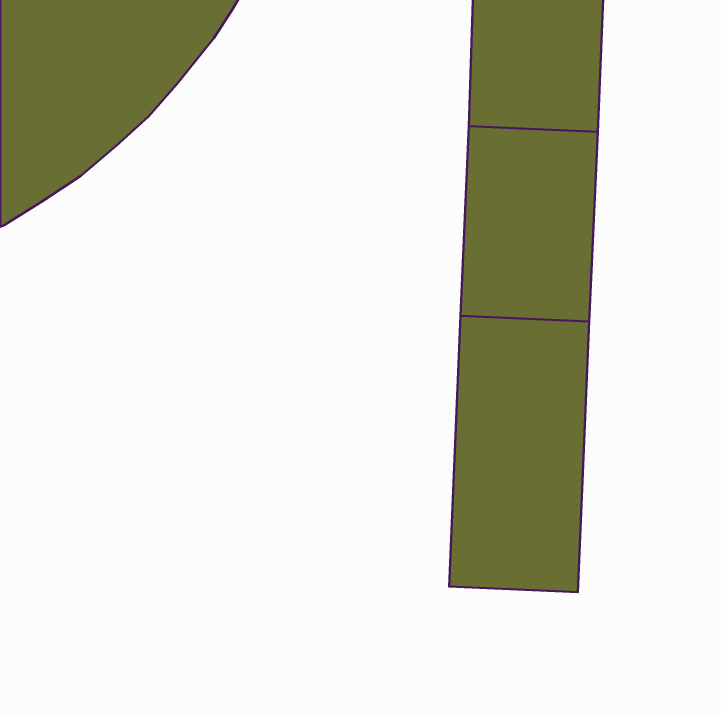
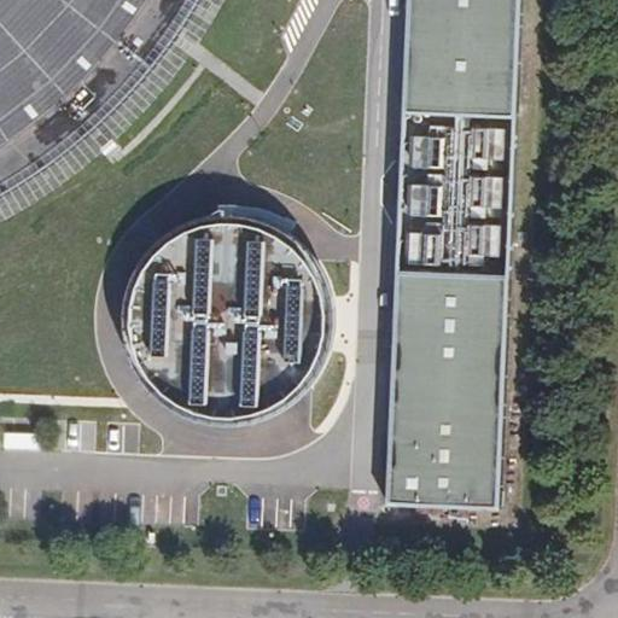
building: none -> [135,214,326,403]

